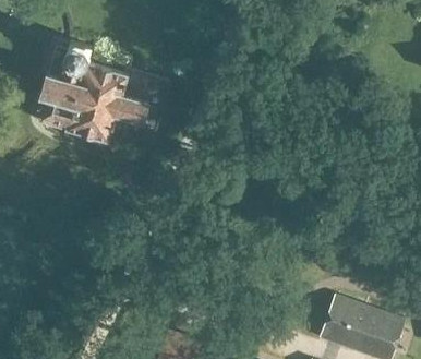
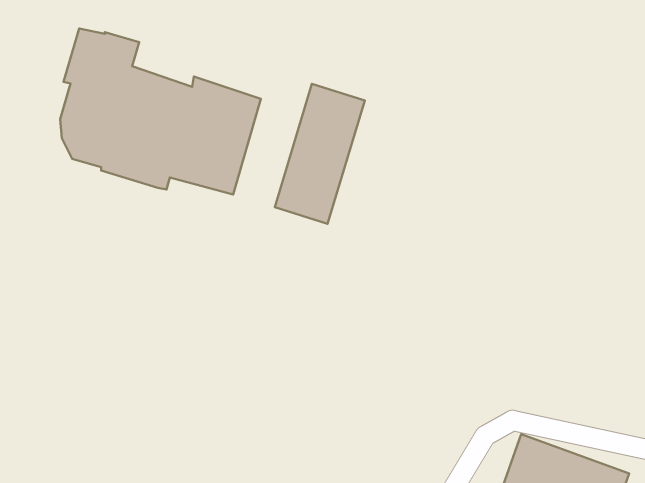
building: none -> [275,84,365,224]

